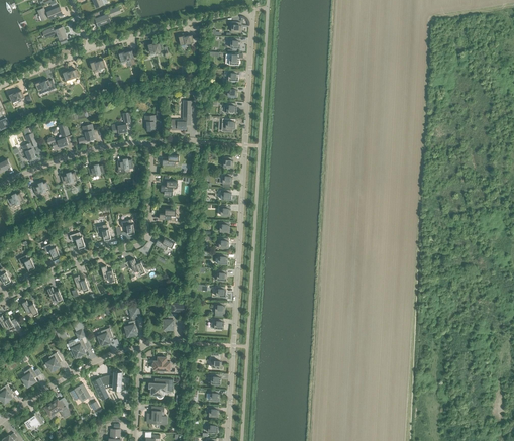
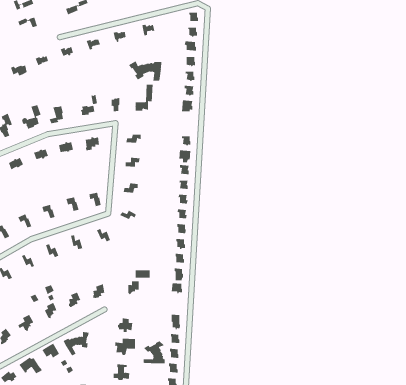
building: none -> [128,61,162,82]
building: none -> [143,340,165,364]

